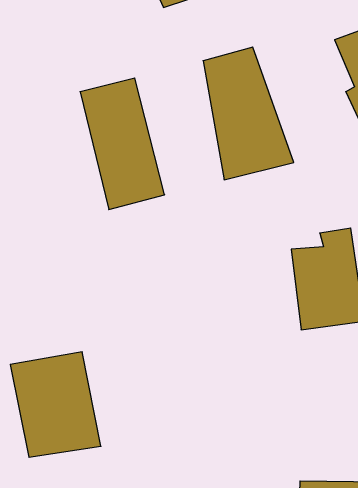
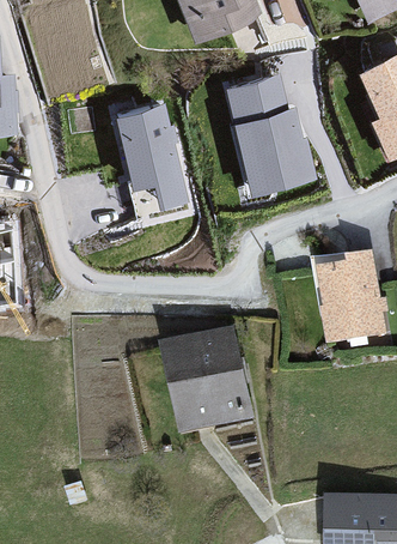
building: [10,352,101,457] -> [164,333,251,435]

